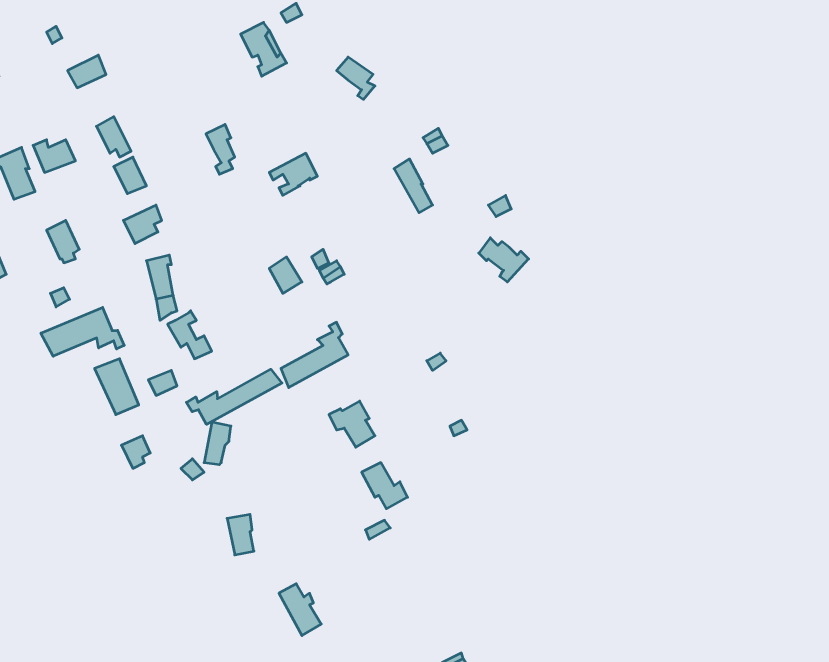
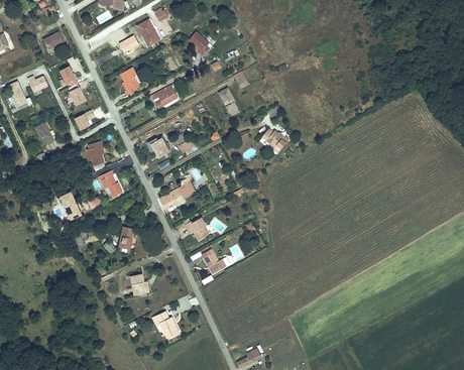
building: [41,307,124,356] -> none
building: [186,369,282,424] -> none

